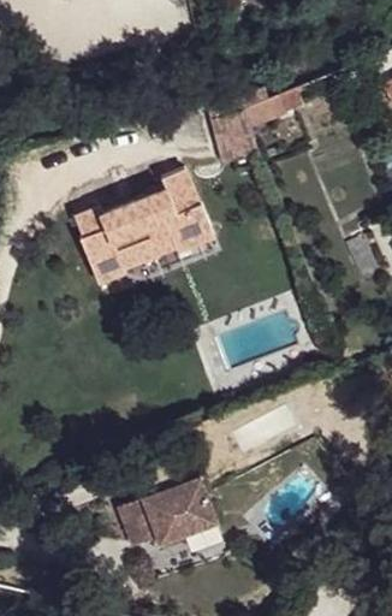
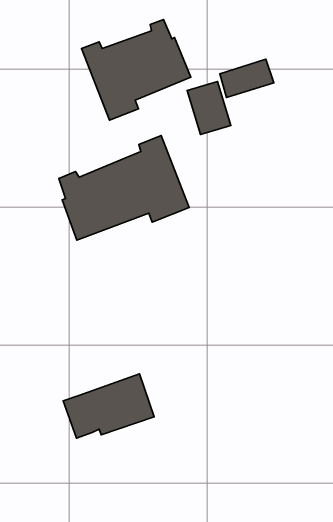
building: none -> [82,19,191,120]
building: [118,475,215,544] -> [63,374,154,438]

